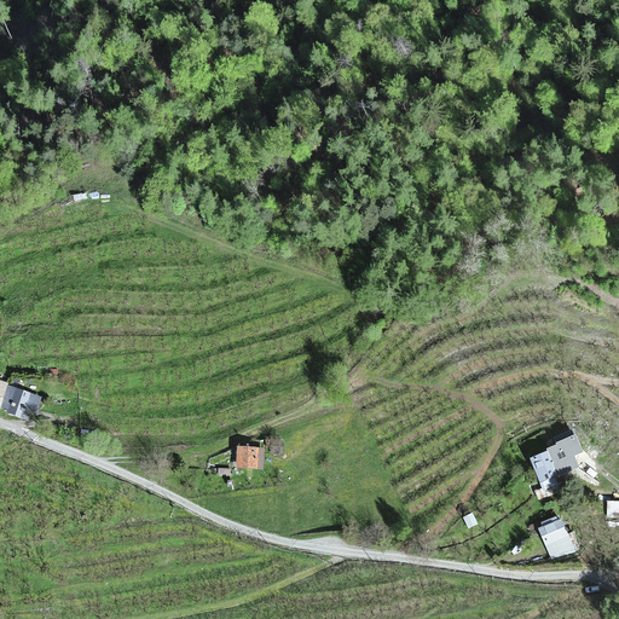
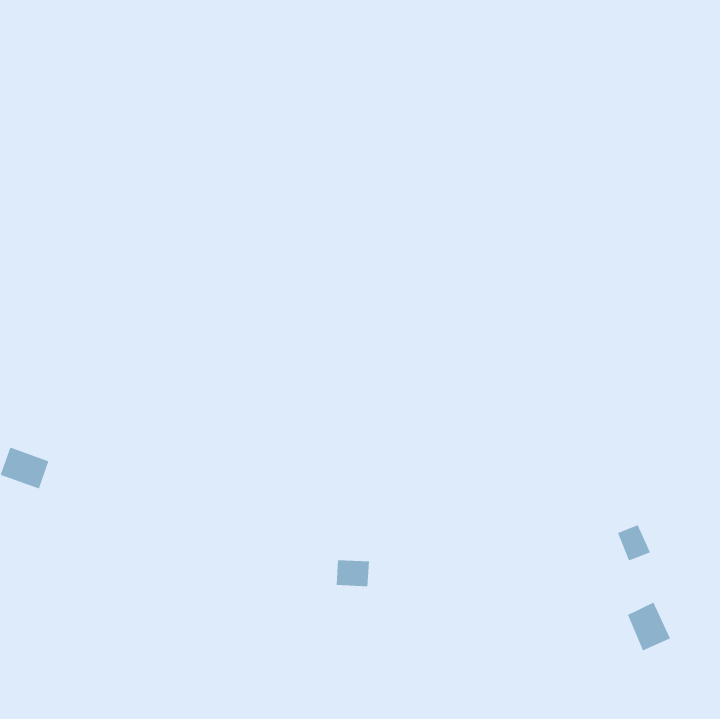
building: [546,433,584,475] -> none
building: [236,445,265,468] -> [336,560,370,587]

